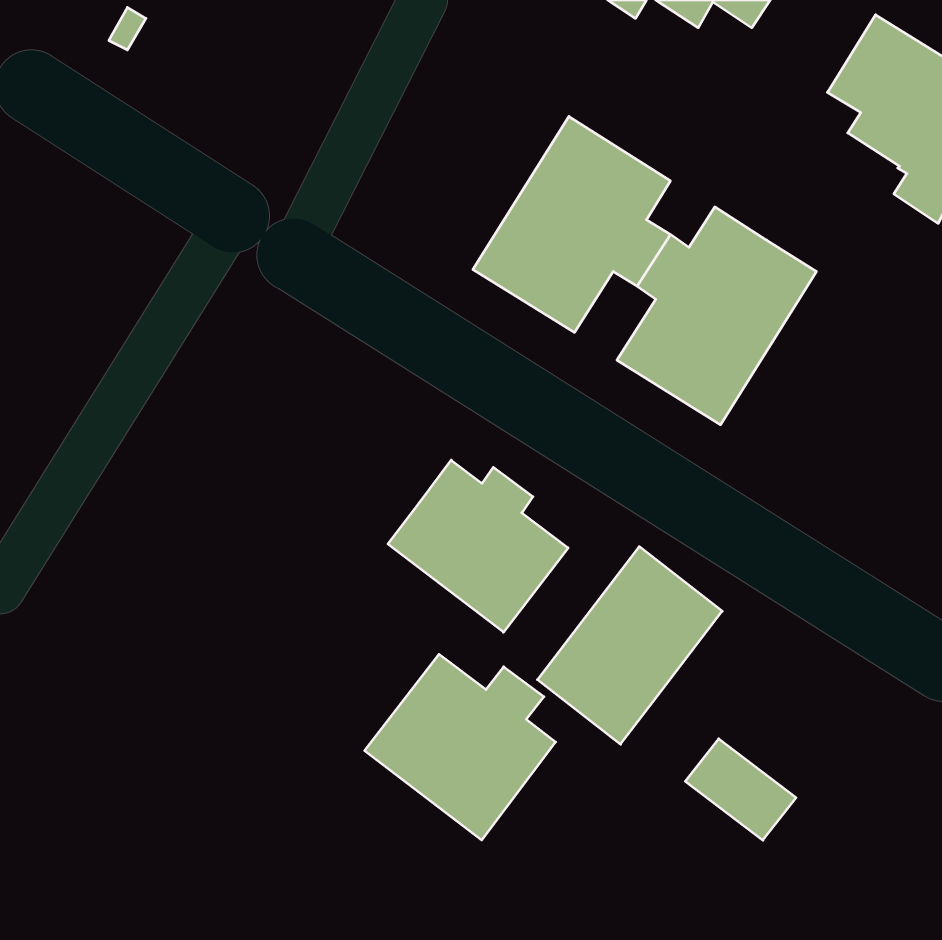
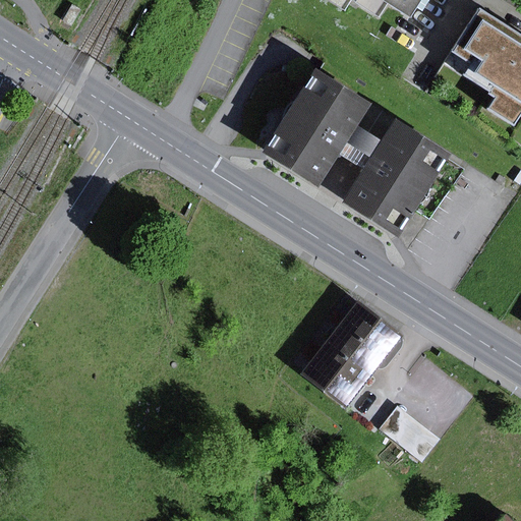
building: [388,460,568,632] -> none
building: [365,654,556,840] -> none

